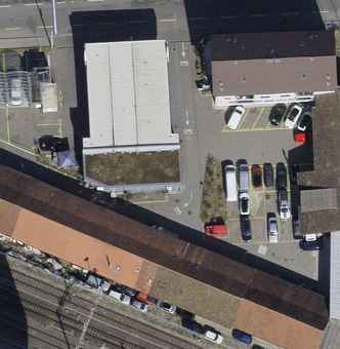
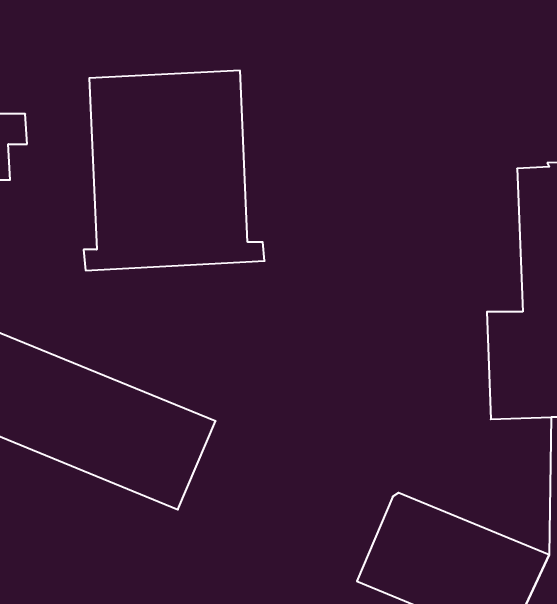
building: [213,41,335,100] -> none
building: [83,145,182,186] -> none
building: [133,232,250,319] -> none

